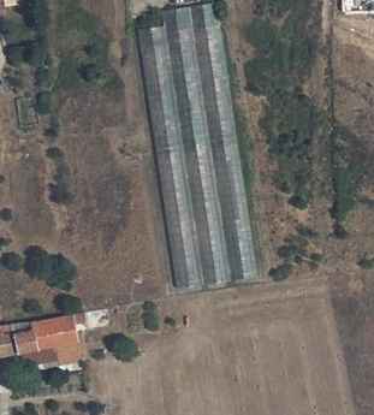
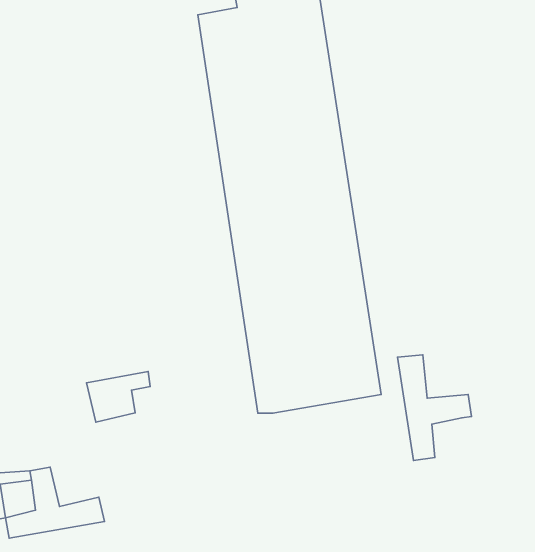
building: none -> [398,355,472,461]
building: [44,314,85,346] -> [87,372,150,422]

